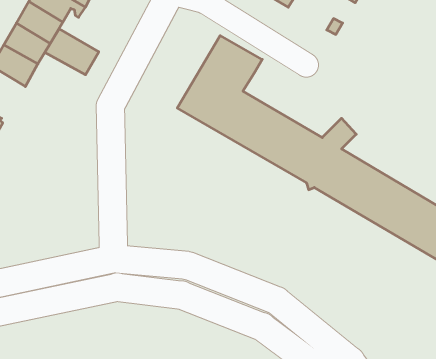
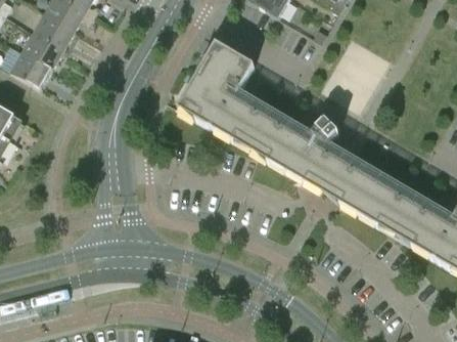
building: [45,29,99,75] -> none

